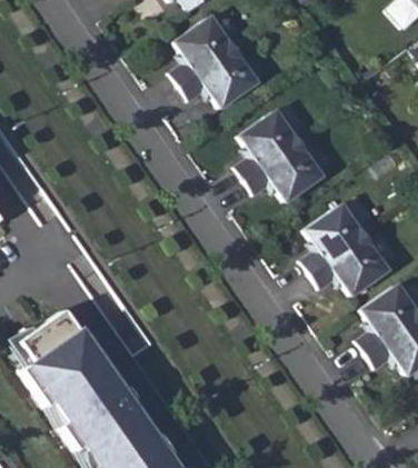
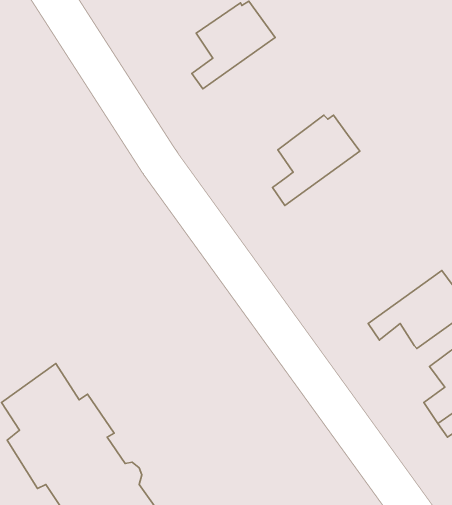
building: [180,48,258,109] -> none
building: [246,139,326,203] -> none
building: [300,201,371,277] -> none

